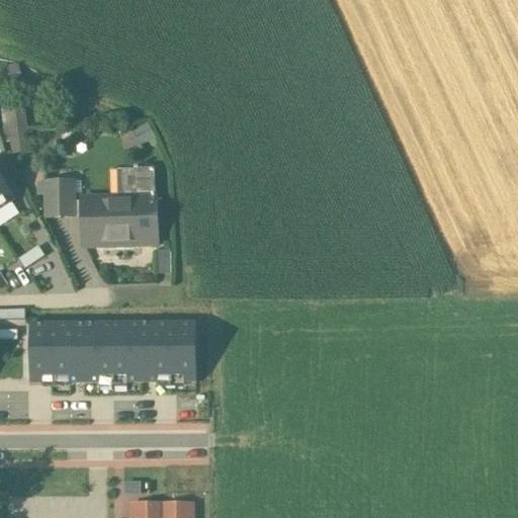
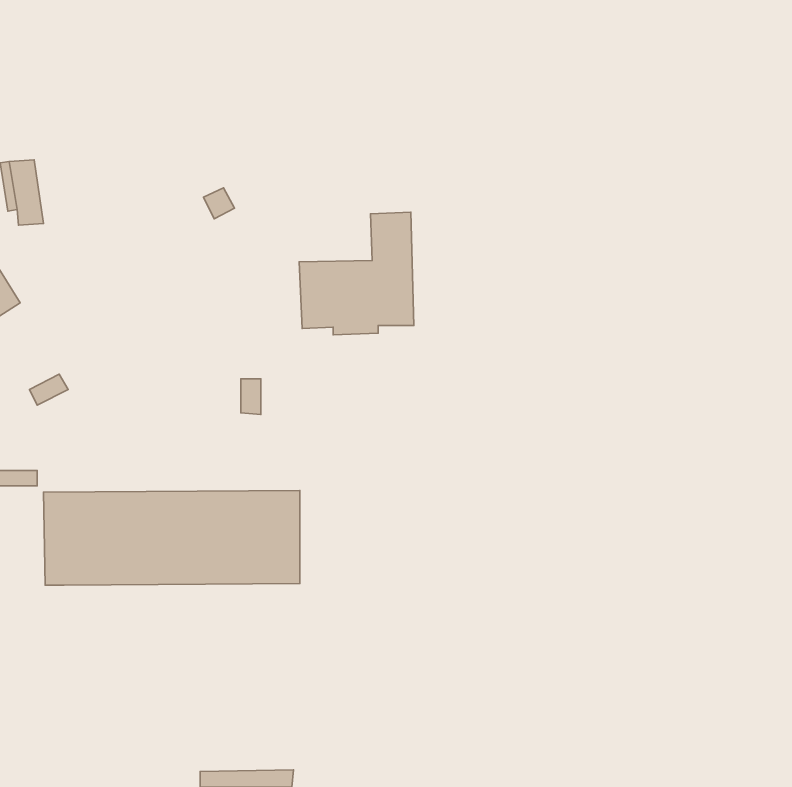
building: [81,166,156,246] -> [299,212,414,335]
building: [45,179,74,214] -> none

